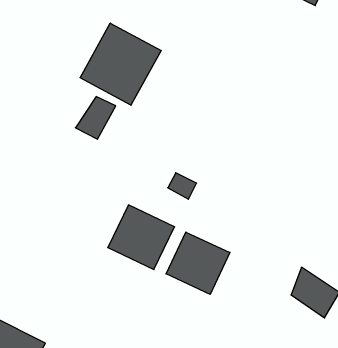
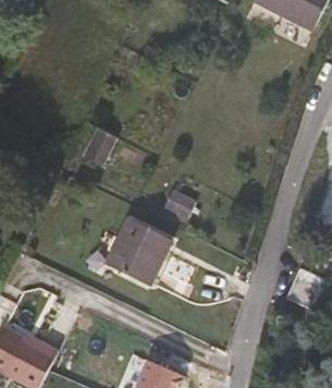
building: [80,23,161,105] -> none
building: [166,232,230,294] -> none

